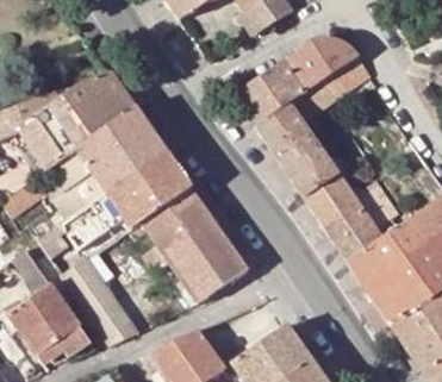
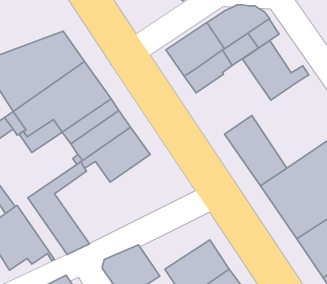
building: [270,125,351,198] -> [242,40,309,100]
building: [42,203,113,267] -> none
building: [166,223,248,305] -> none

